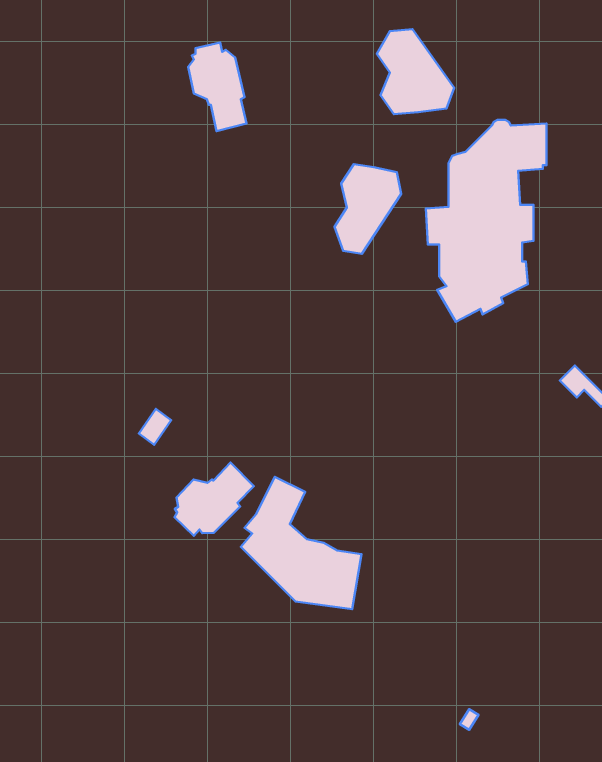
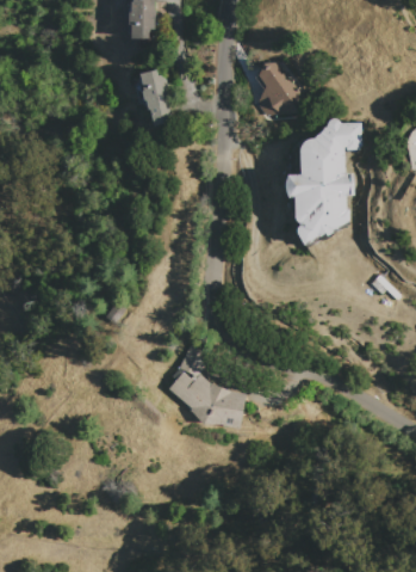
building: [334,164,401,254] -> none
building: [175,463,254,536] -> none

